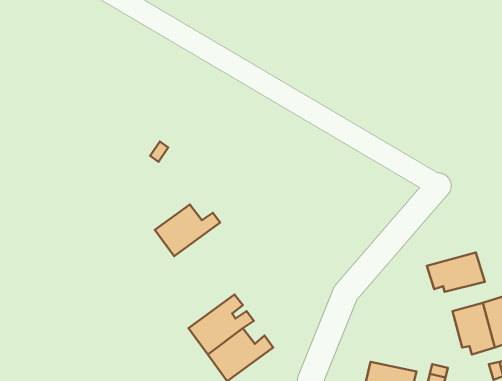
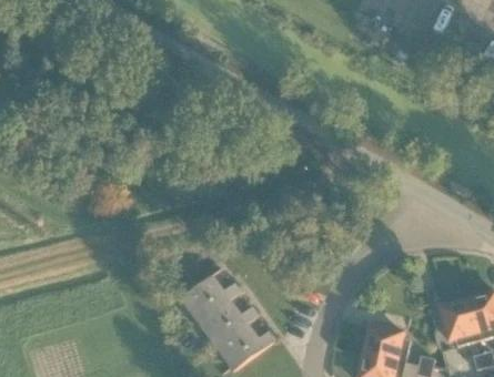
building: [155,204,220,256] -> [180,274,240,322]
building: [427,253,485,292] -> none
building: none -> [365,324,412,361]

